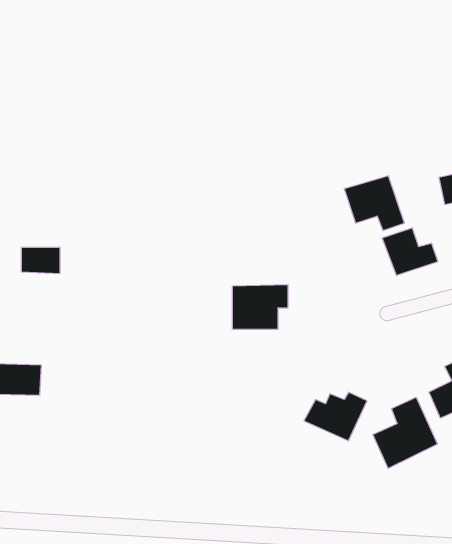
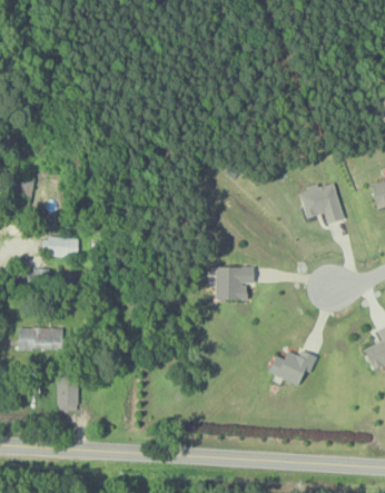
building: [382,228,438,276] -> none
building: [373,397,437,469] -> none
building: none -> [57,377,79,411]

